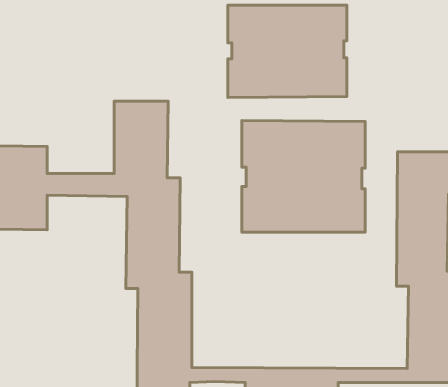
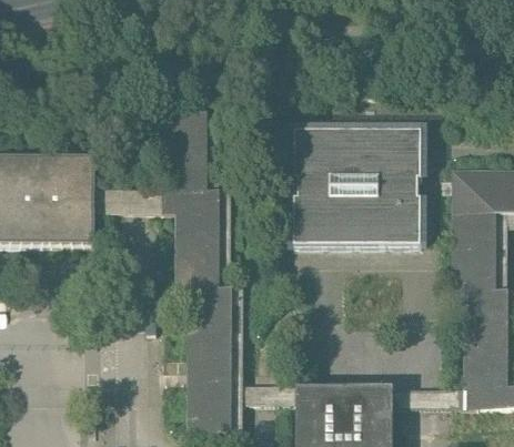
building: [228,5,347,98] -> none

